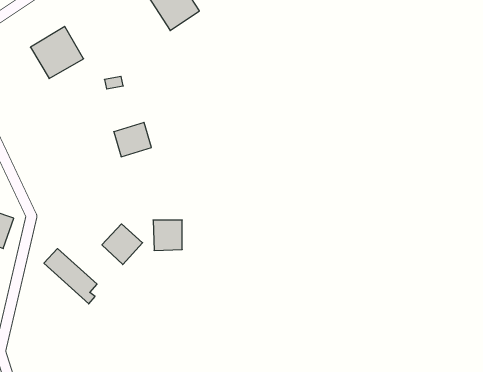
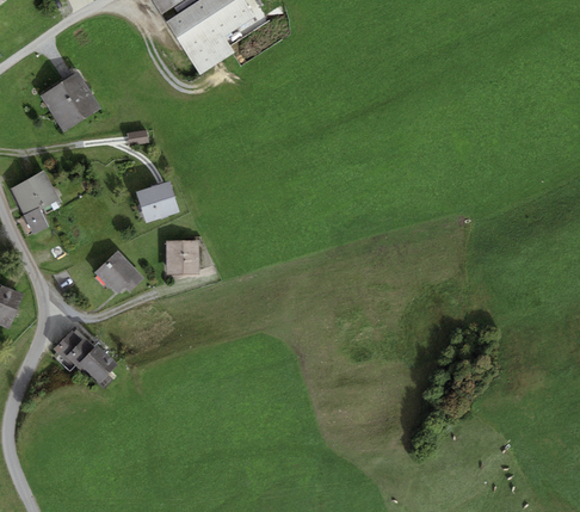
building: none -> [11,172,58,234]
building: [153,220,182,250] -> [166,239,199,273]
building: [102,224,143,265] -> [91,247,137,294]

